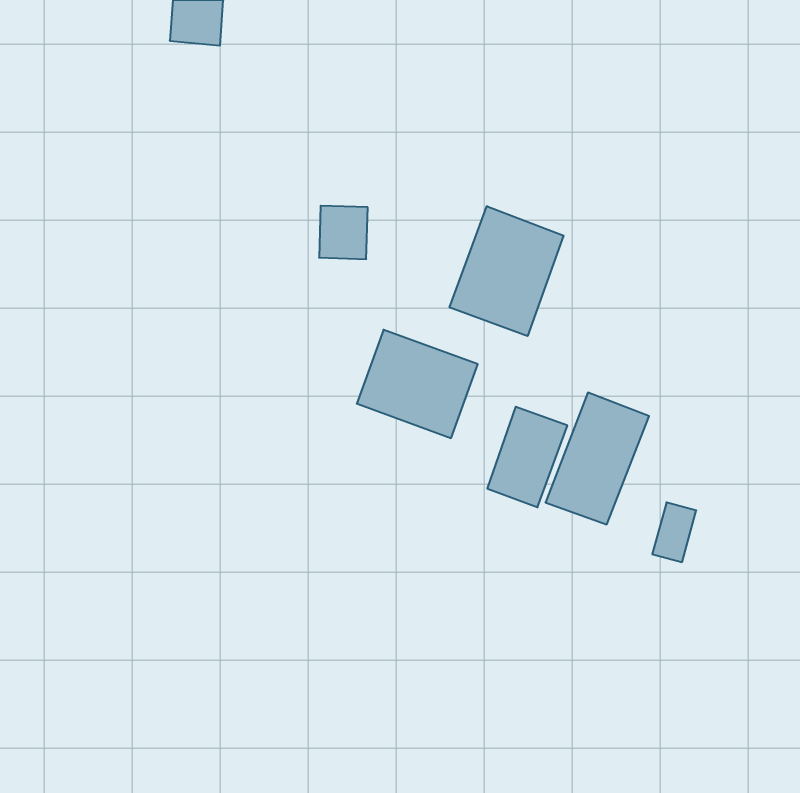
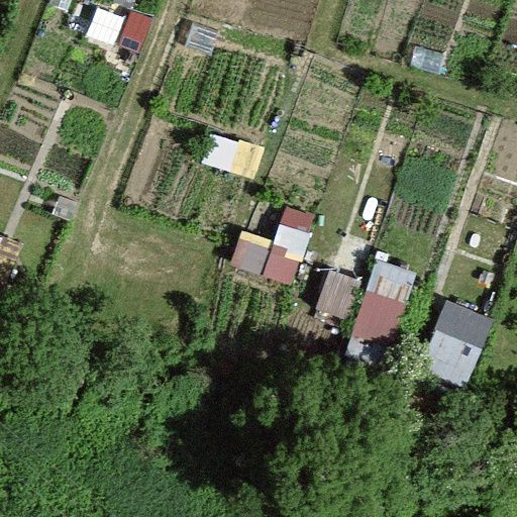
building: [450,206,564,336] -> none

